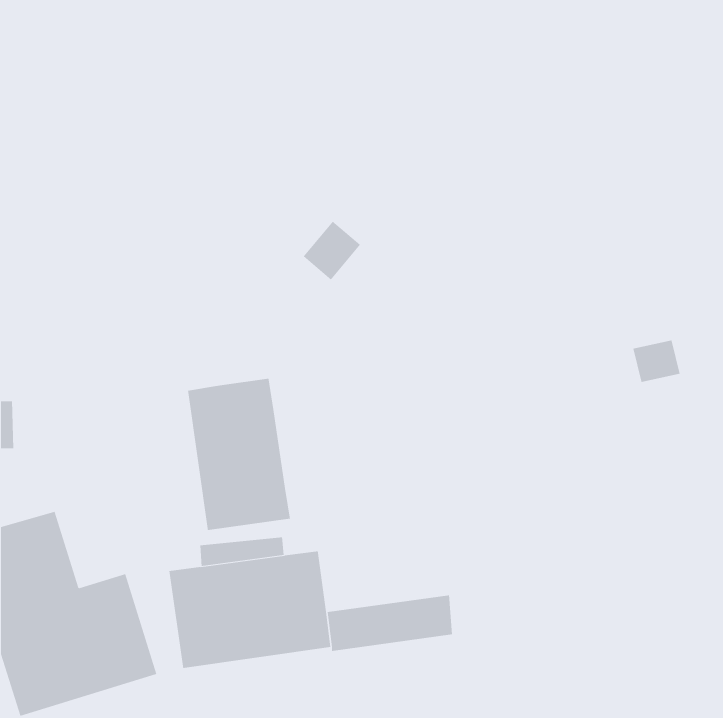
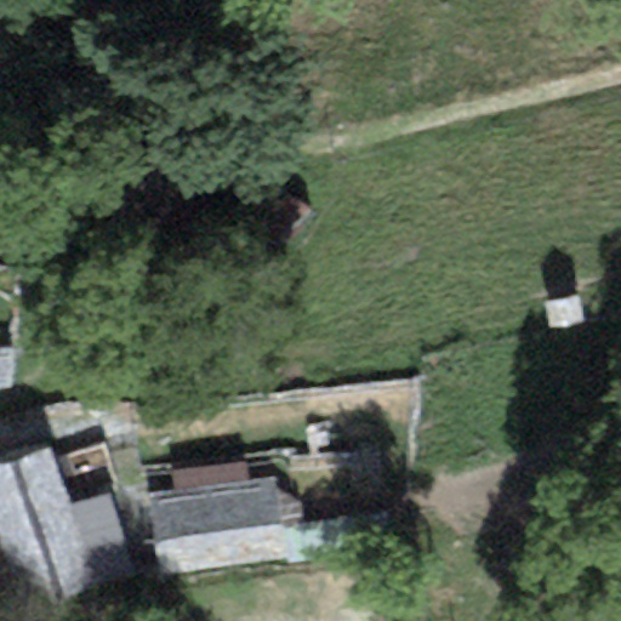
building: [187,378,290,531] -> none

